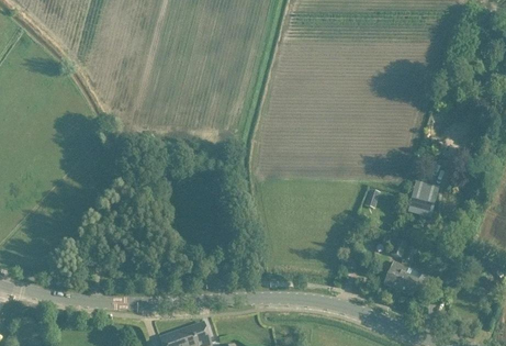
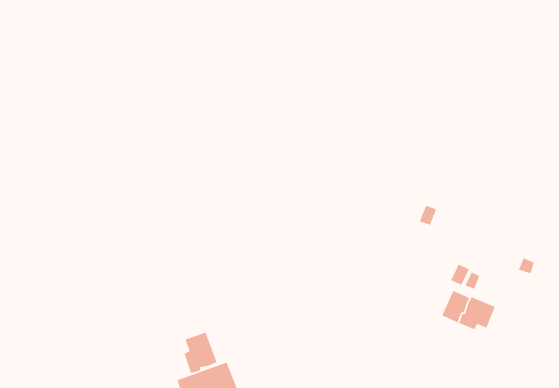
building: [406,181,438,219] -> none
building: none -> [183,331,218,374]

